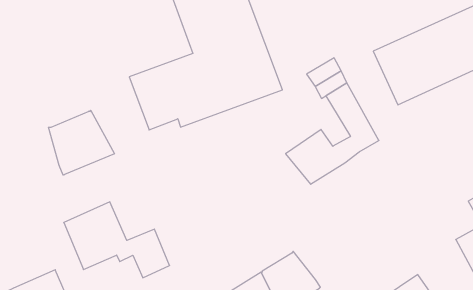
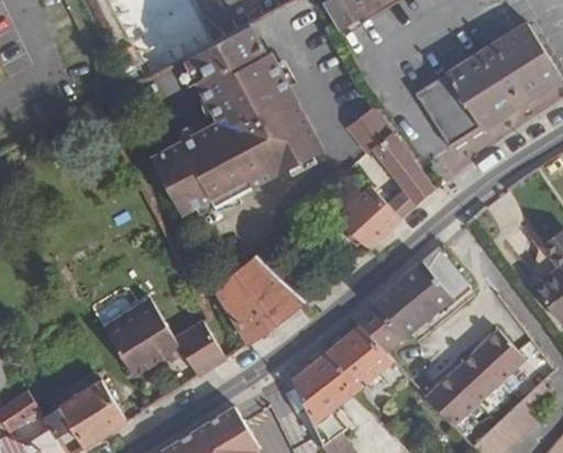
building: [48,110,114,175] -> none
building: none -> [218,255,306,345]
building: none -> [351,246,468,352]

